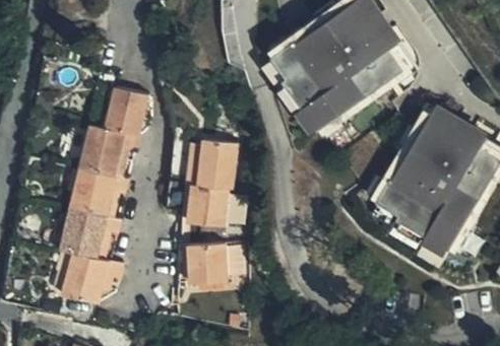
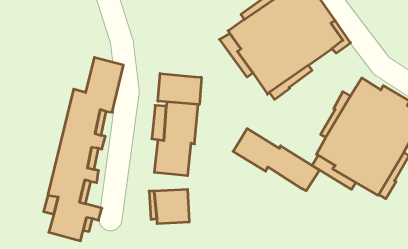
building: none -> [158,73,201,104]
building: none -> [233,129,320,191]

